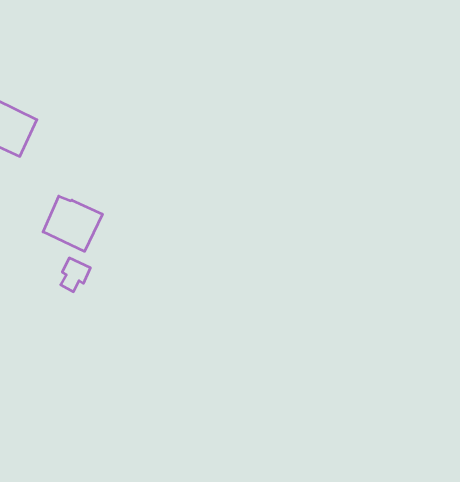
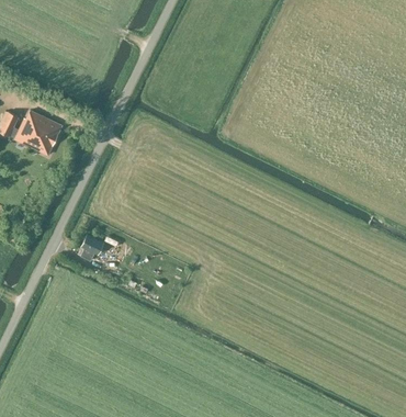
building: [43,196,102,251] -> none

